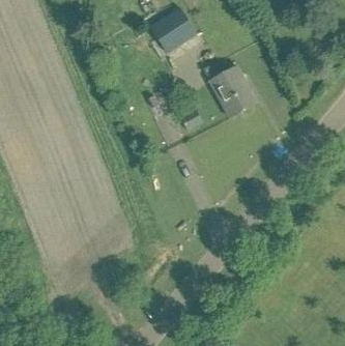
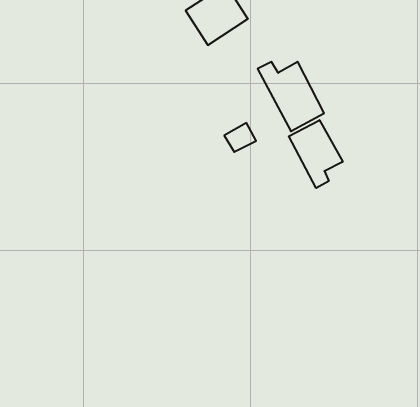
building: none -> [289,120,343,188]

